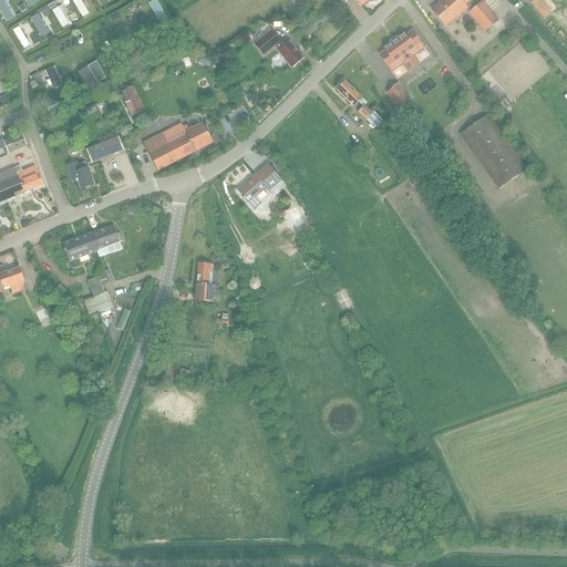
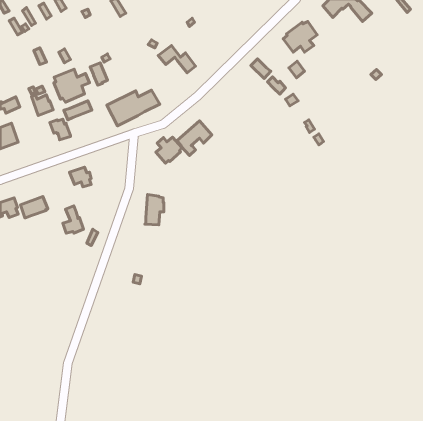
building: [252,29,302,65] -> [158,45,196,73]
building: none -> [54,69,90,102]
building: [460,112,527,187] -> none
building: [16,163,44,190] -> [31,95,53,116]
building: none -> [156,137,182,163]
building: [63,230,100,259] -> [21,196,48,218]

